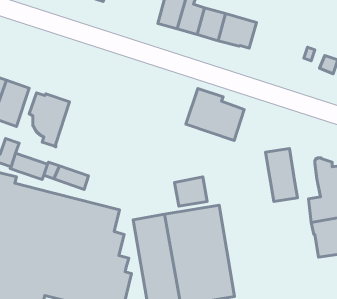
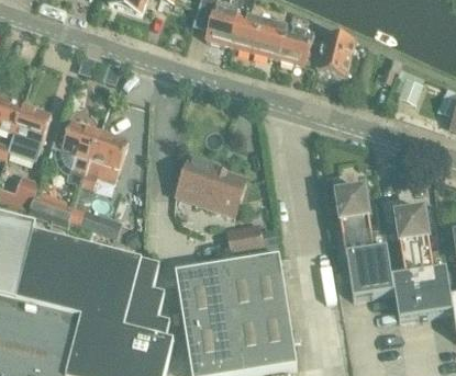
building: none -> [315,31,354,73]
building: [186,89,244,141] -> [175,152,245,215]
building: none -> [82,130,127,185]
building: none -> [345,244,393,296]

